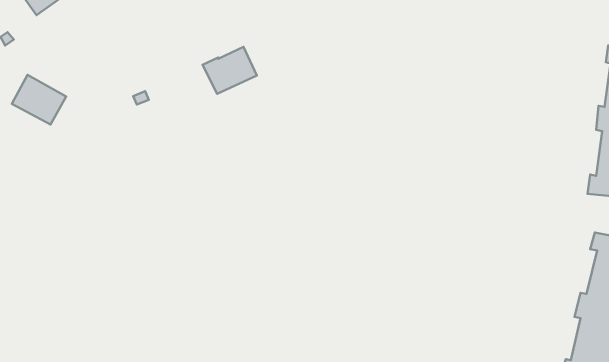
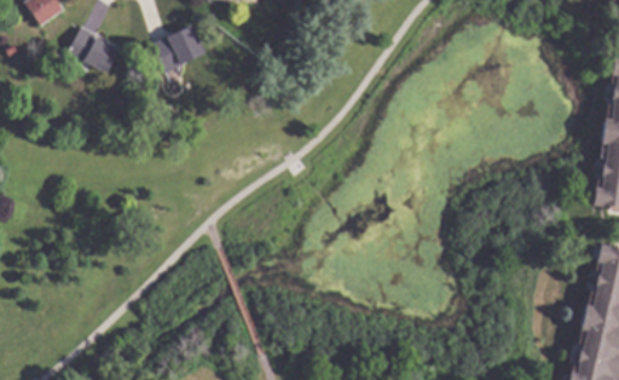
building: [203,47,257,94] -> [151,25,206,73]
building: [12,75,66,124] -> [66,25,121,75]

